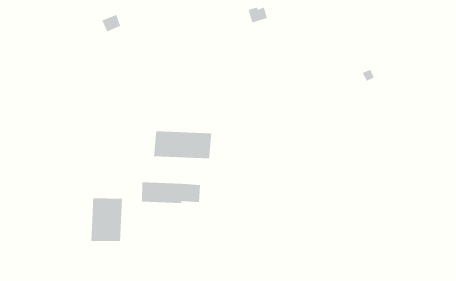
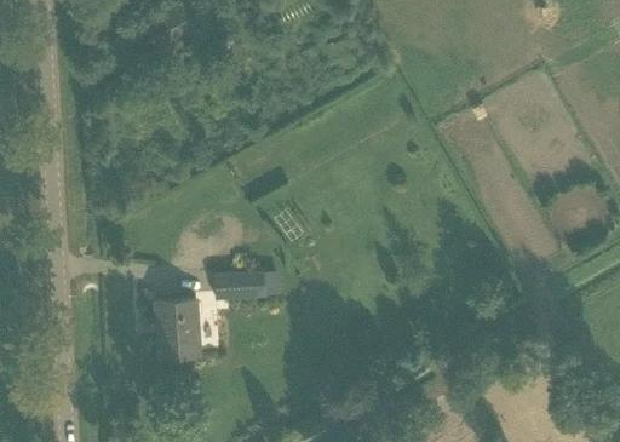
building: [153,130,212,159] -> none

